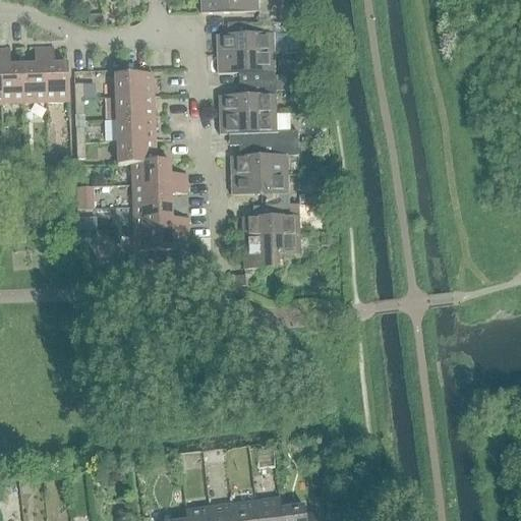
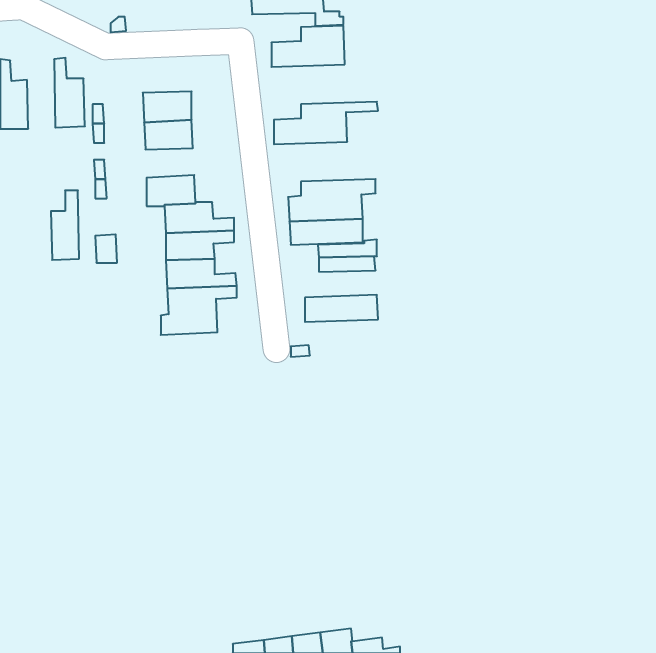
building: [22,47,45,102] -> [51,190,79,260]
building: [216,51,286,82] -> none
building: [218,112,298,143] -> none
building: [116,117,155,140] -> none
building: [241,214,299,235] -> none

